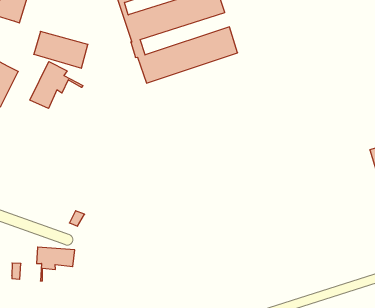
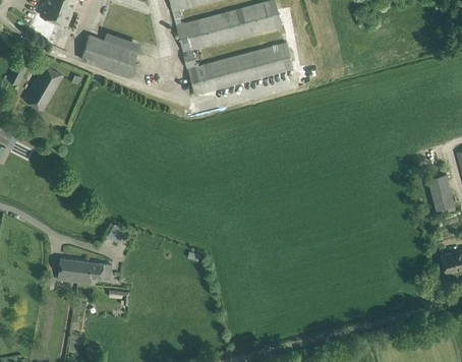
building: [30,62,83,108] -> none
building: none -> [57,258,76,296]

